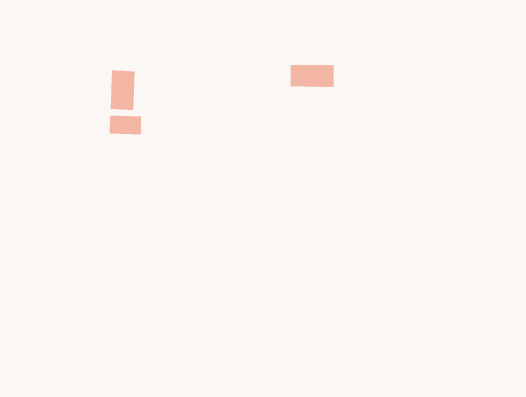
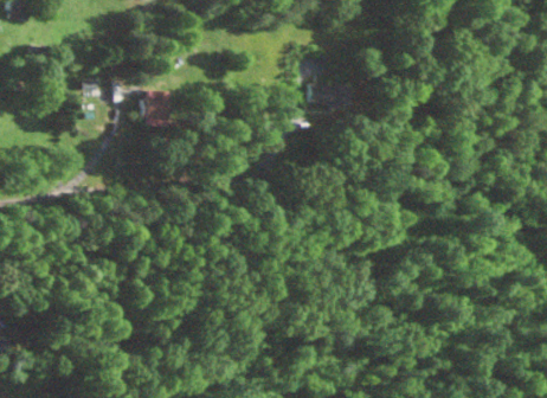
building: [109,115,142,135] -> none

